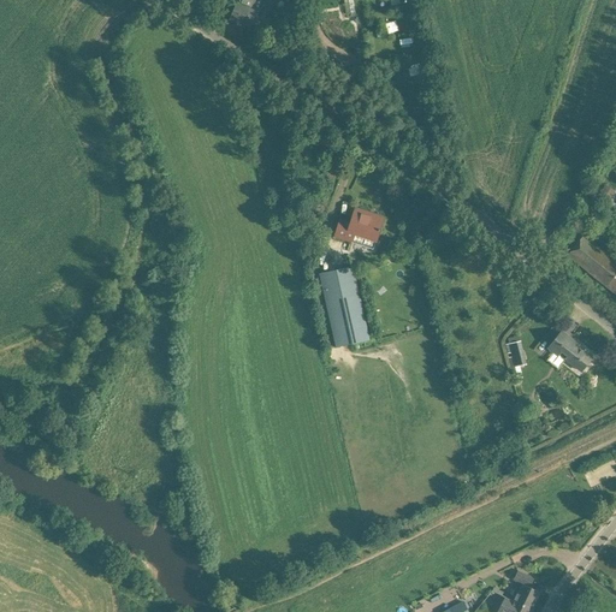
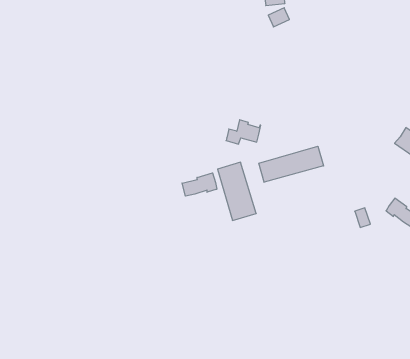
building: none -> [259,146,324,182]
building: none -> [182,173,217,196]

